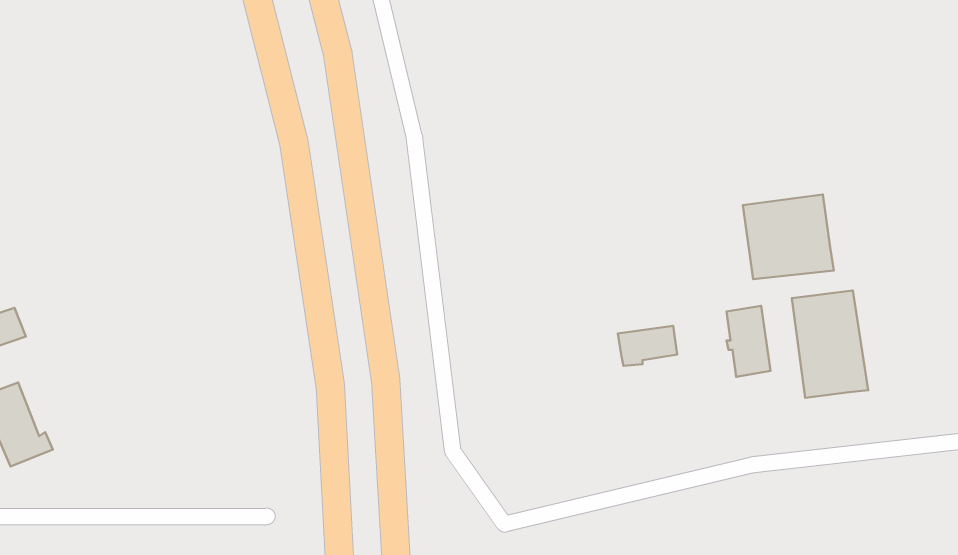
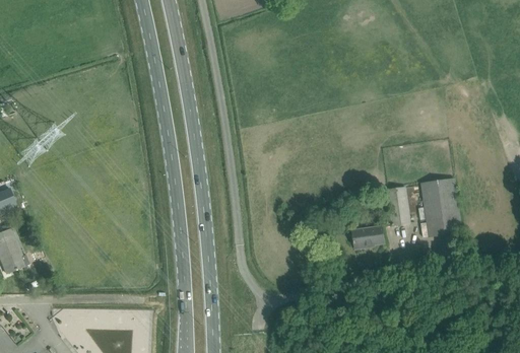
building: [743,195,834,279] -> none
building: [618,326,677,366] -> [351,226,383,248]

